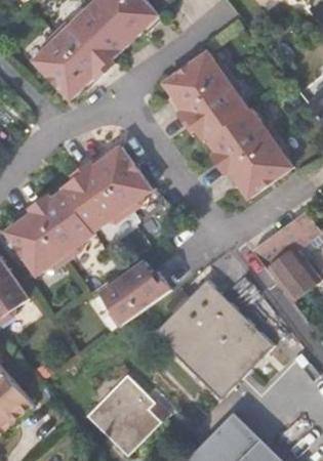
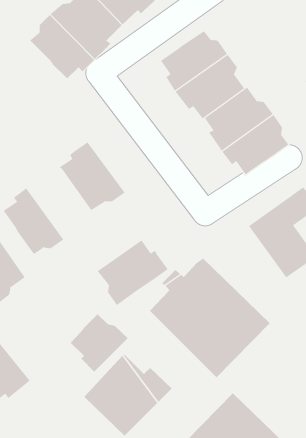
building: [90,146,152,213] -> none
building: [29,190,95,260] -> none
building: none -> [70,313,128,373]

